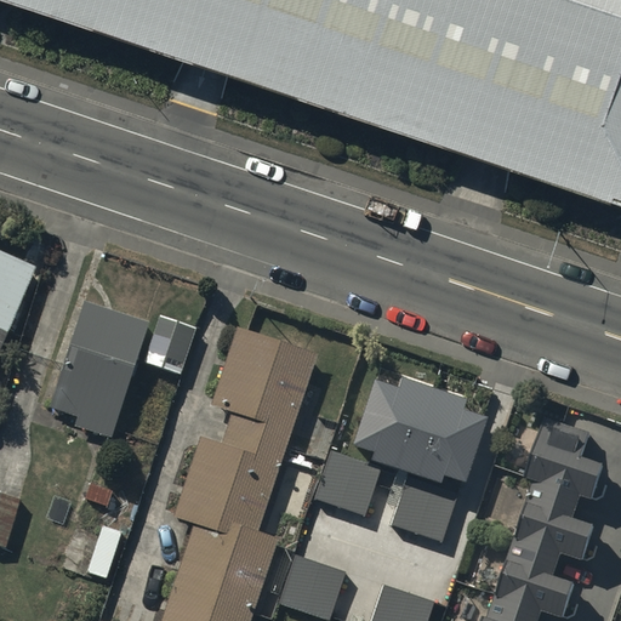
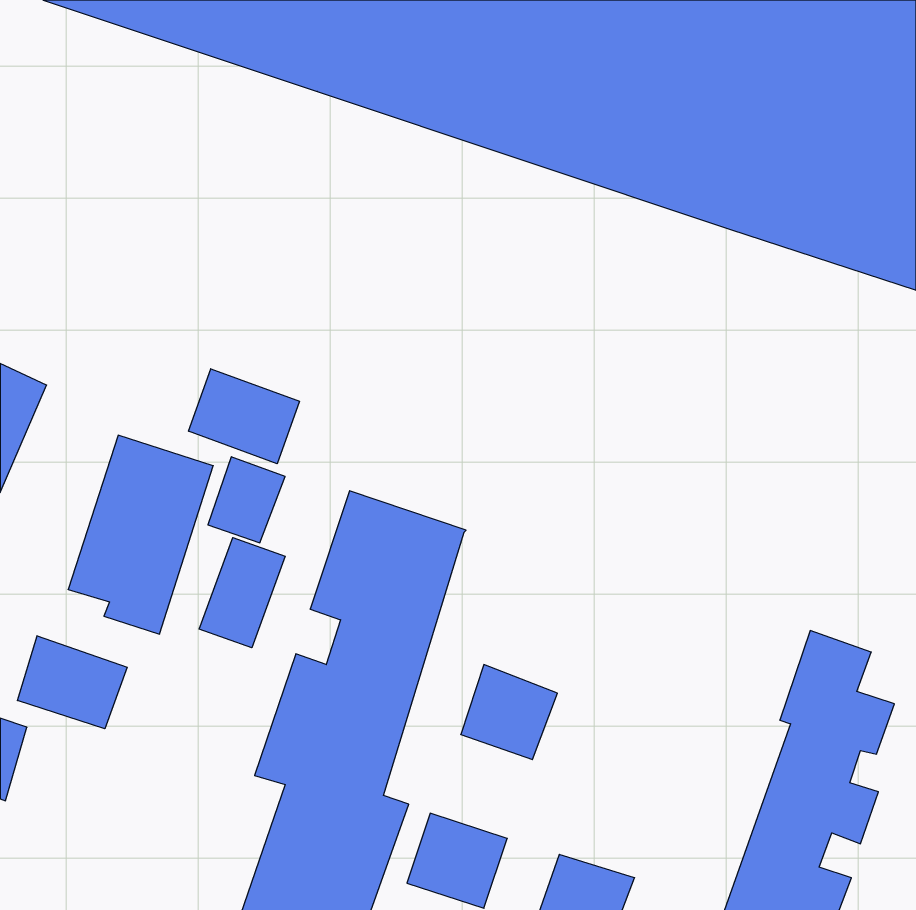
building: none -> [189,369,299,464]
building: none -> [199,538,285,648]
building: [352,371,479,530] -> none
building: none -> [17,636,127,729]

